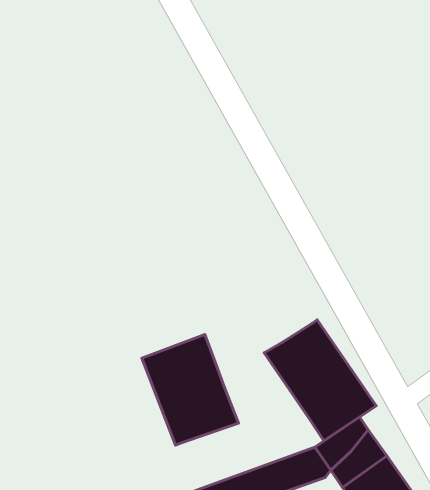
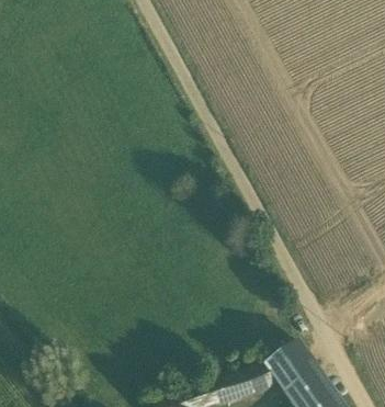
building: [264,320,376,441] -> none
building: [142,334,239,445] -> none

